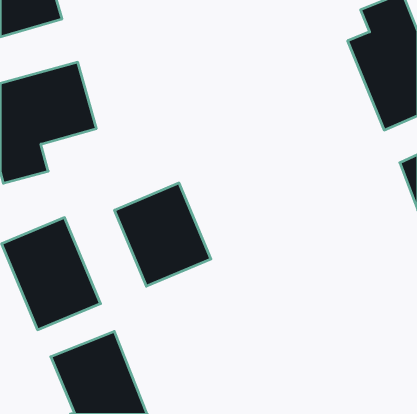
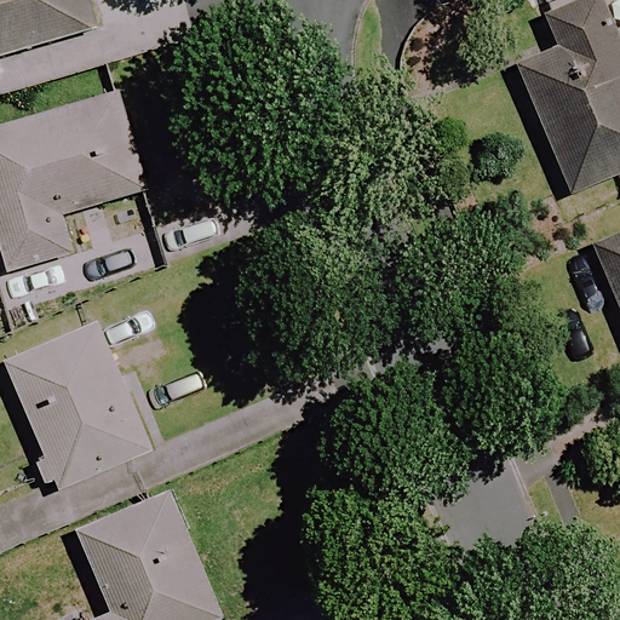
building: [115,183,211,286] -> none

